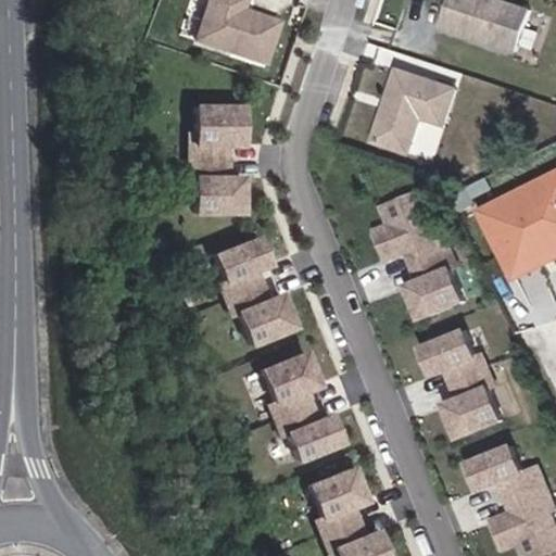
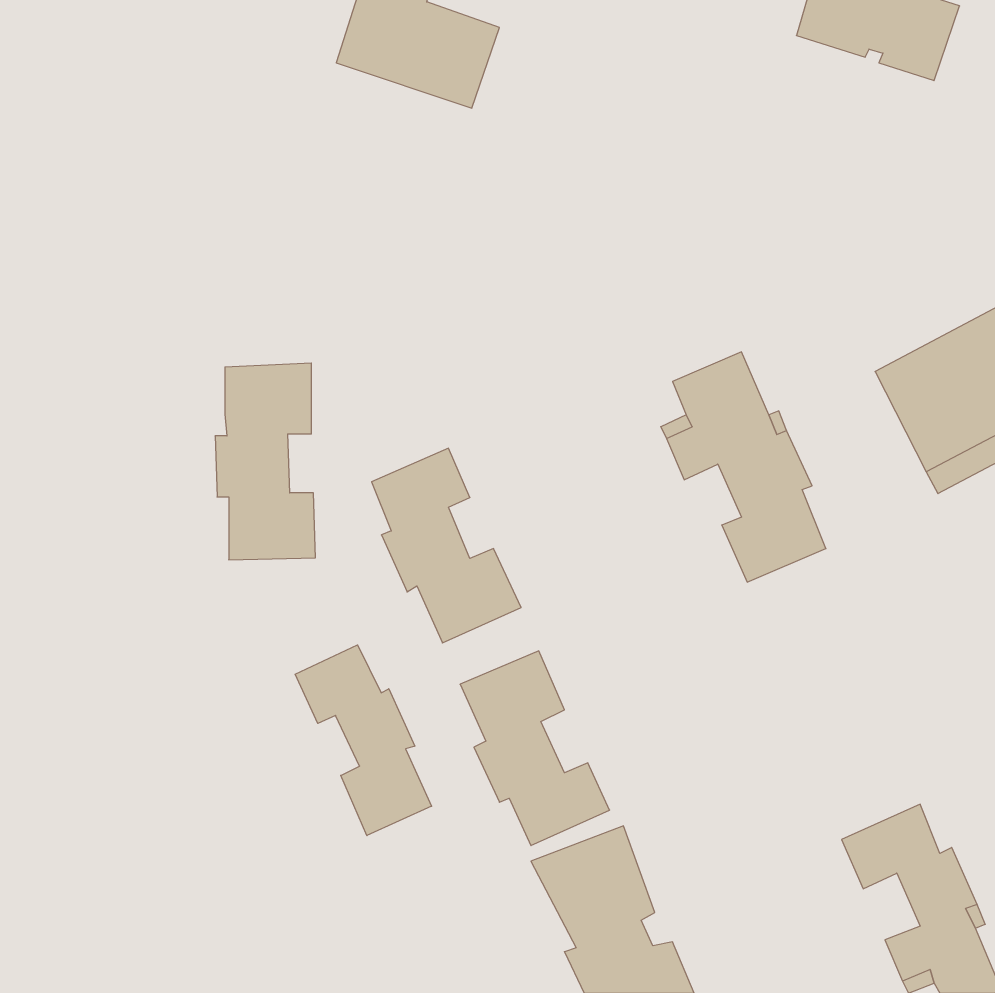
building: [371,59,462,150] -> none
building: [189,100,244,208] -> [215,363,315,560]
building: [421,332,503,441] -> none
building: none -> [295,645,432,836]

